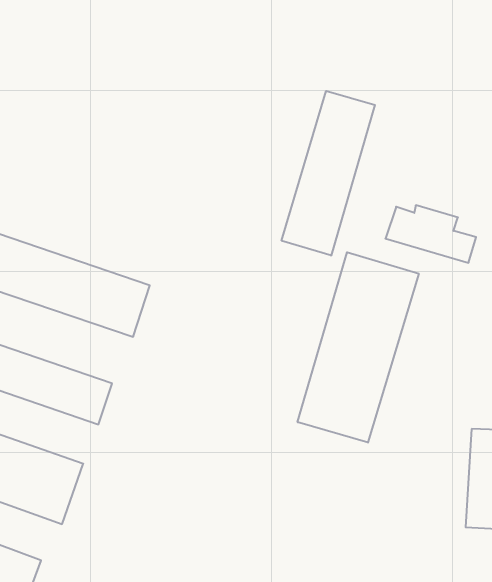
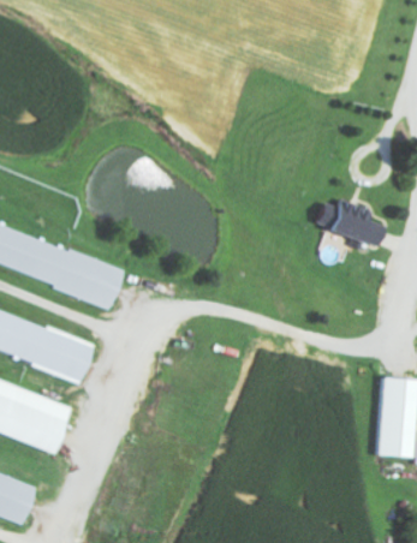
building: [282,91,375,256] -> none
building: [298,252,419,443] -> none

